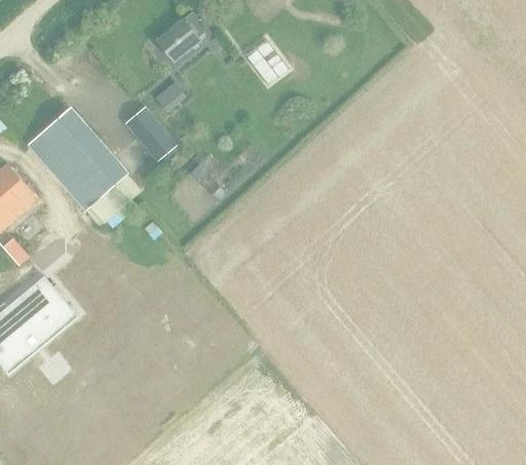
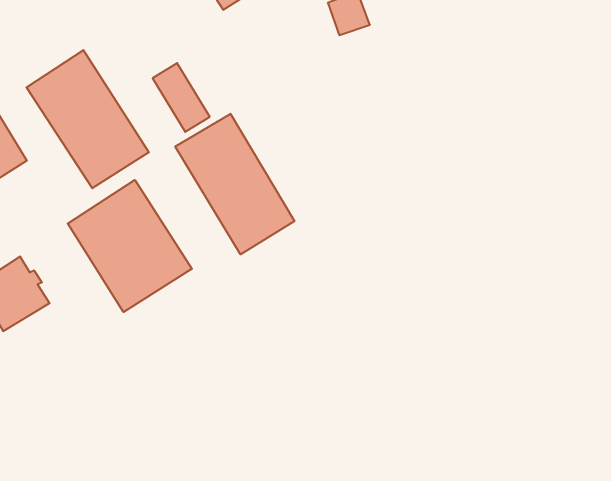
building: none -> [175,114,294,254]
building: none -> [68,180,192,312]

